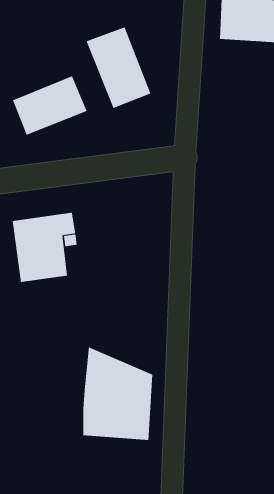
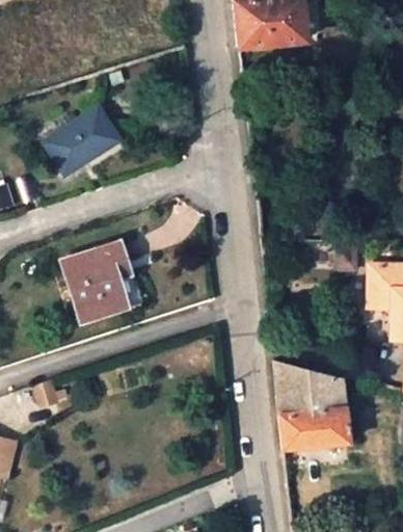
building: [86,26,151,109] -> none
building: [82,346,153,441] -> [273,361,349,449]

